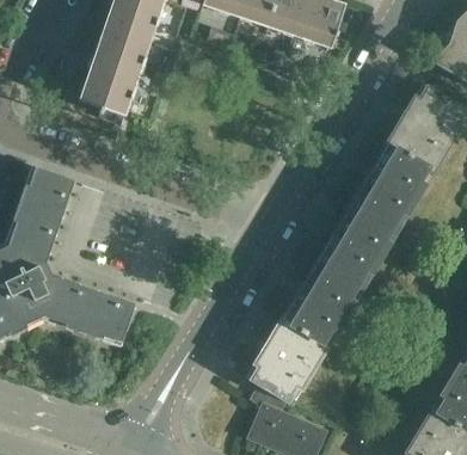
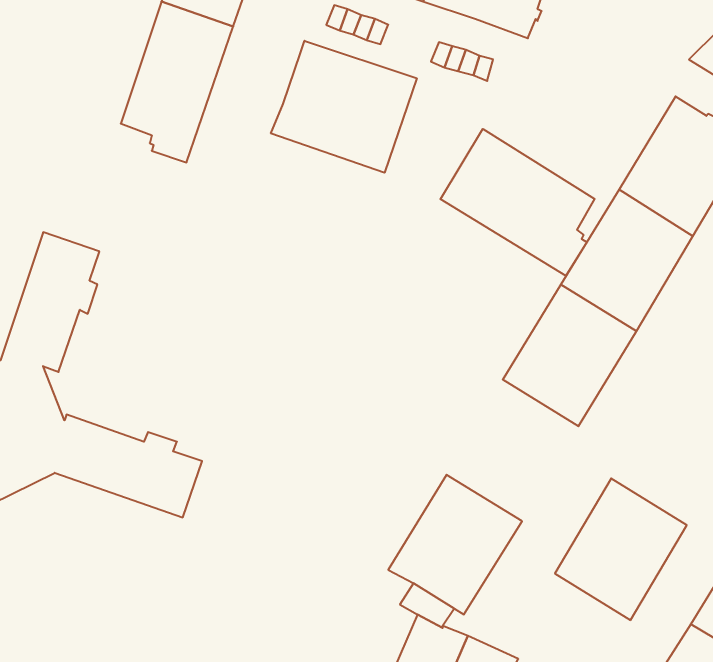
building: none -> [271,41,417,173]
building: none -> [440,129,595,276]
building: [282,258,363,345] -> [555,478,687,620]

